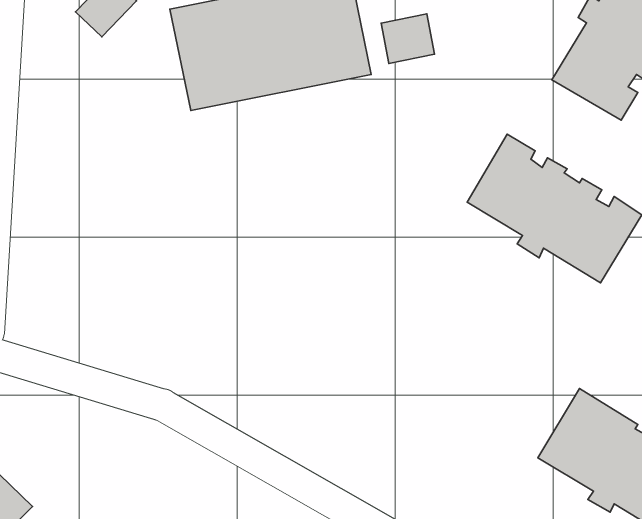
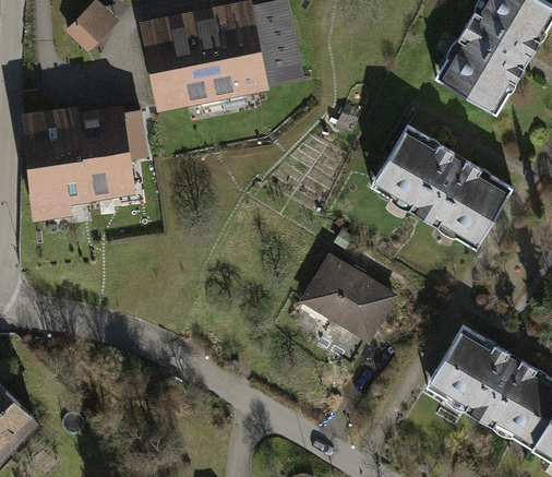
building: [381,14,435,63] -> none
building: none -> [24,112,144,217]
building: none -> [303,258,394,339]

